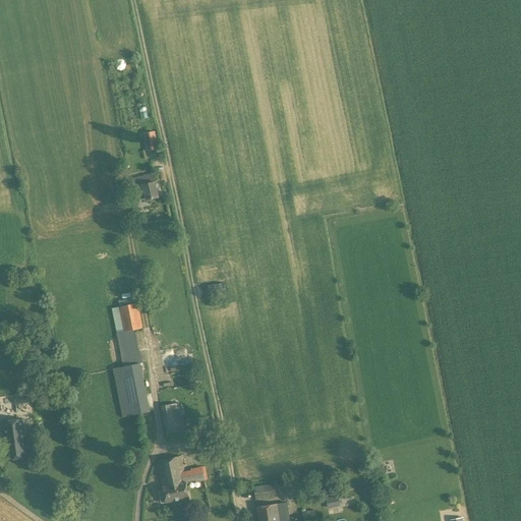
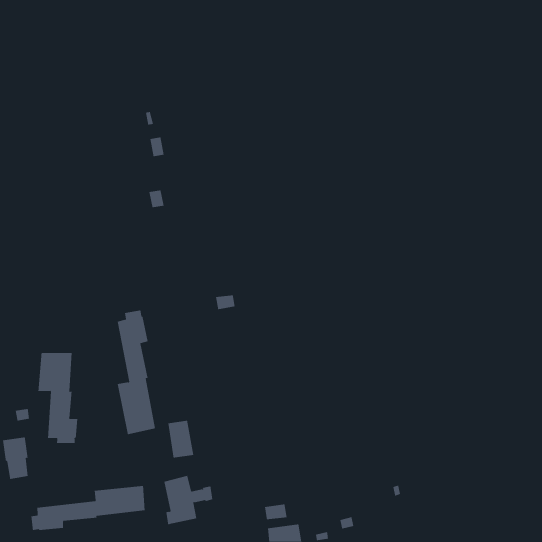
building: none -> [38,352,78,444]
building: none -> [31,485,145,531]

